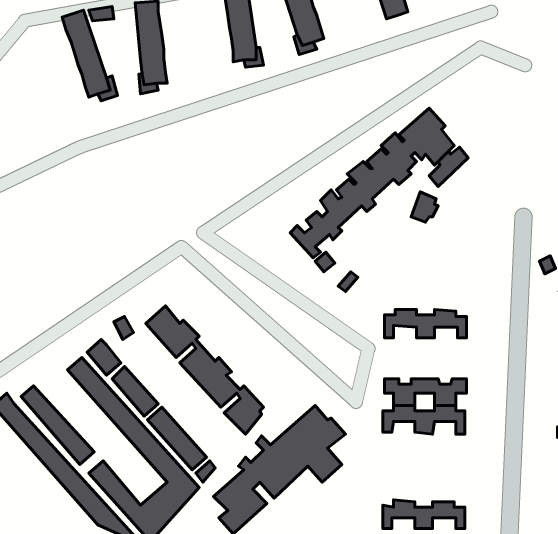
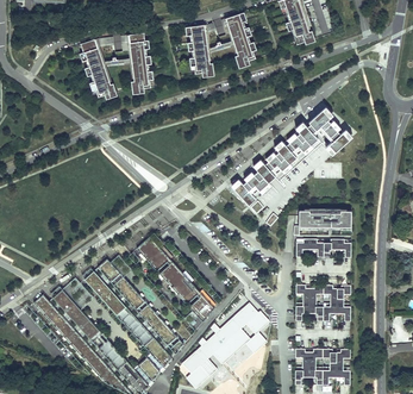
building: none -> [298,209,350,226]
building: none -> [294,348,349,367]

